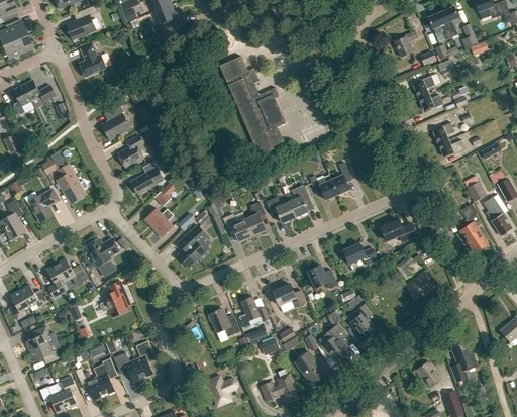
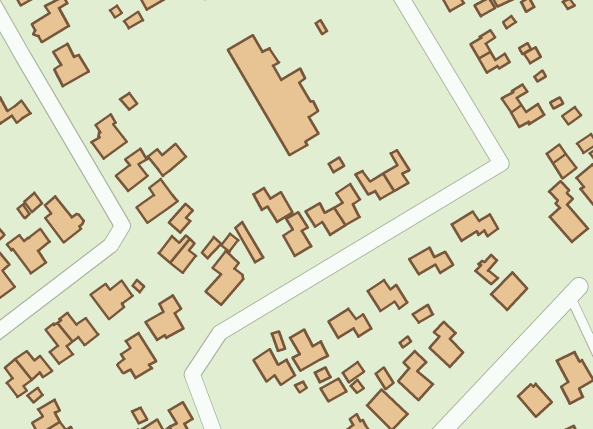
building: none -> [148,144,186,176]
building: [223,213,252,241] -> [253,188,292,222]
building: none -> [146,295,183,340]

